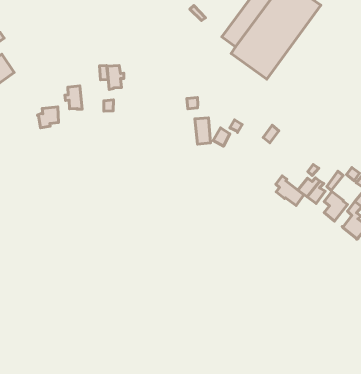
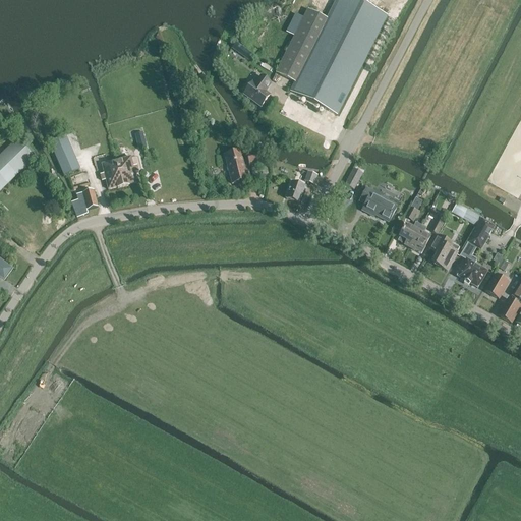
building: none -> [243,74,271,105]
building: none -> [53,139,80,173]
building: [107,66,124,90] -> [116,155,138,185]
building: [195,118,210,144] -> [224,149,247,182]
building: [276,176,304,206] -> [360,187,396,220]

